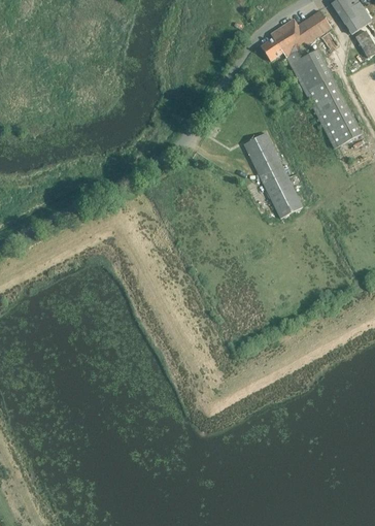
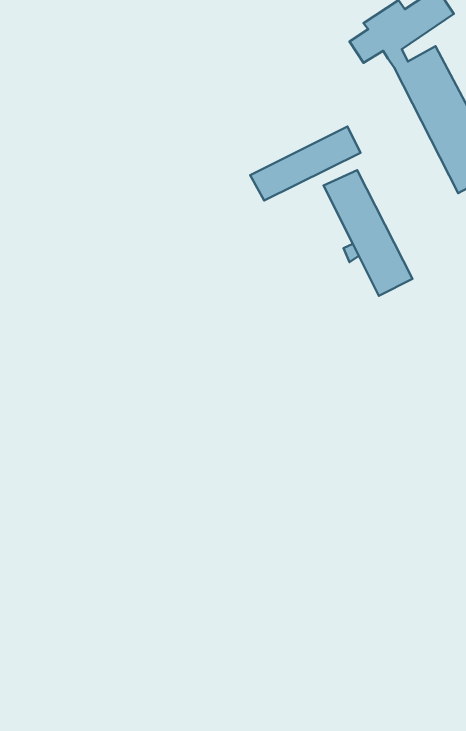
building: none -> [250,126,361,200]

